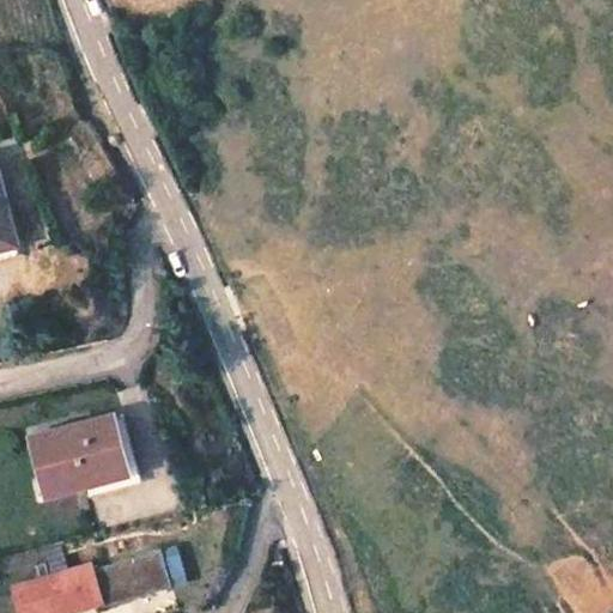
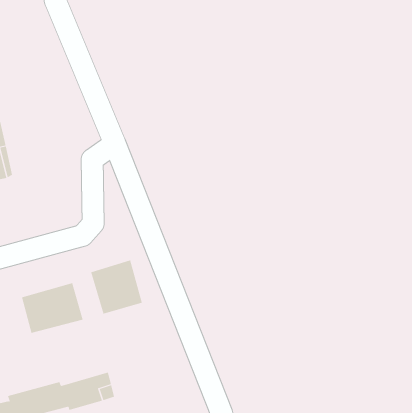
building: none -> [91,259,143,314]

